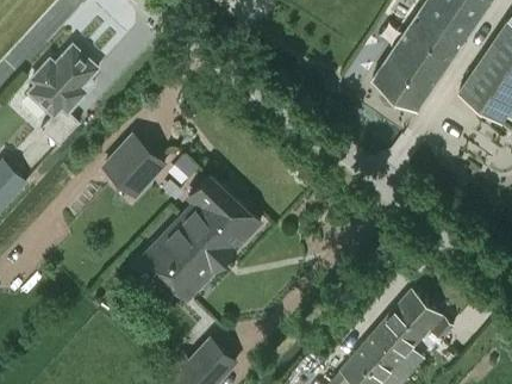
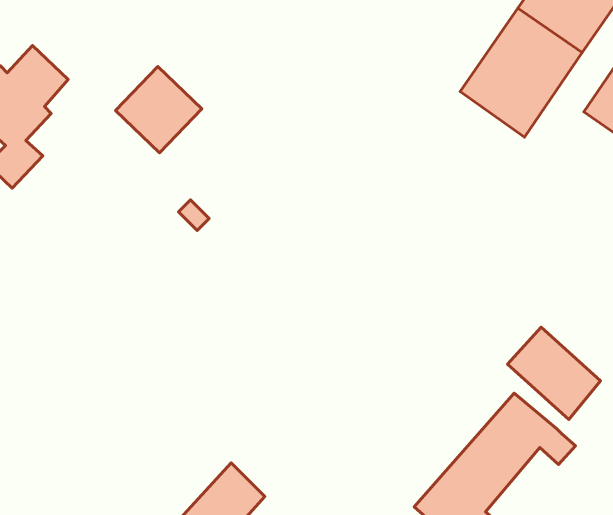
building: [102,135,163,196] -> [115,66,202,153]
building: [143,174,261,298] -> none
building: none -> [508,327,600,419]

